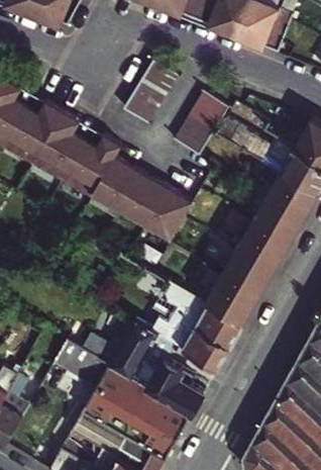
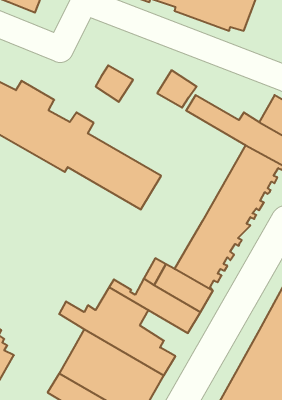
building: [136,59,179,100] -> none
building: [173,114,214,156] -> none
building: [58,338,111,381] -> none

